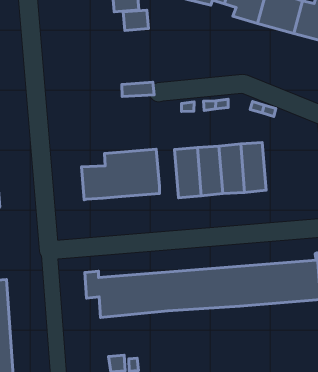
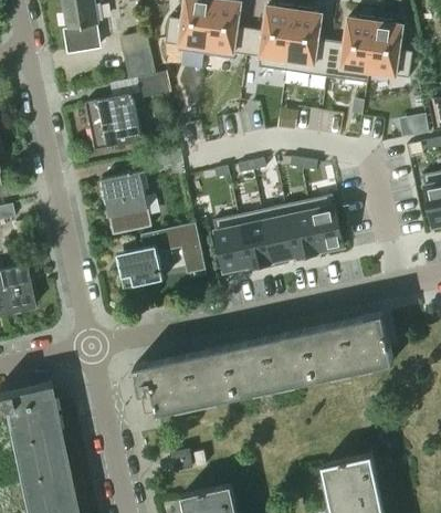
building: none -> [84,94,143,151]
building: none -> [101,170,150,234]
building: none -> [307,195,343,251]

